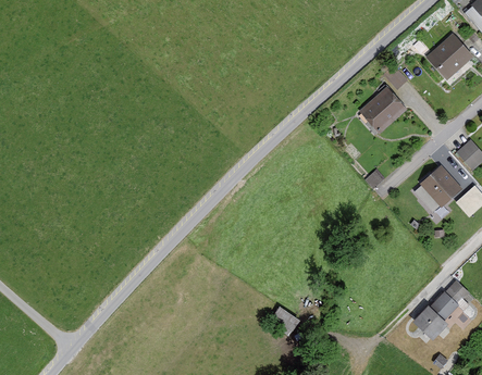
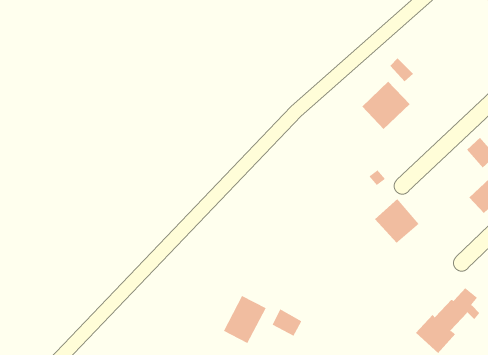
building: [423,36,469,82] -> none
building: [418,165,460,208] -> [374,198,420,244]
building: none -> [223,295,266,344]

